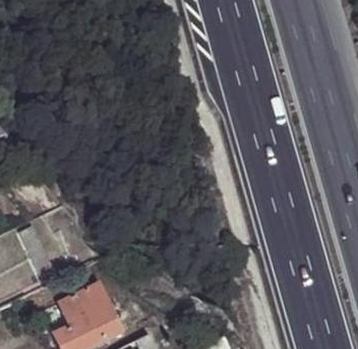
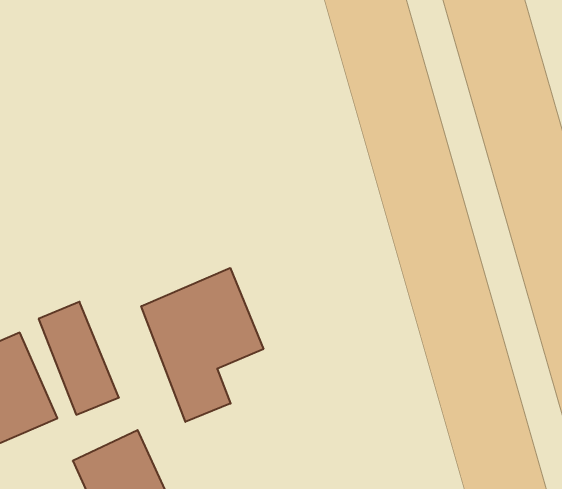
building: none -> [141,268,263,422]

